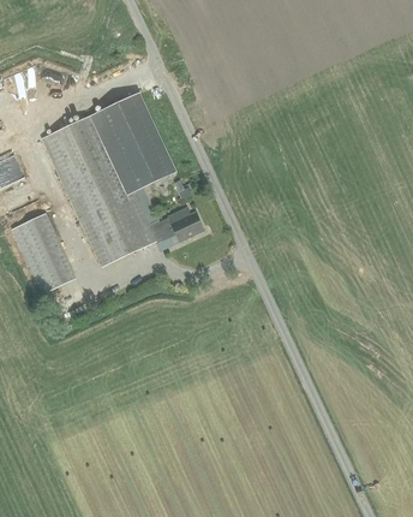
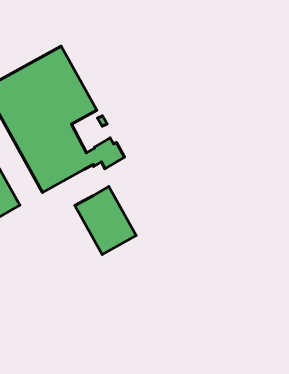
building: none -> [75,187,136,255]

